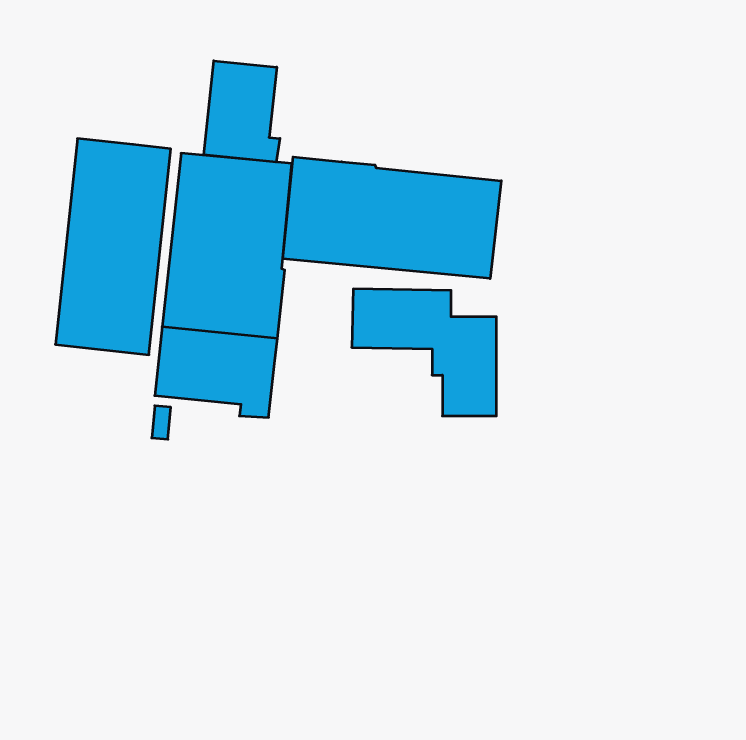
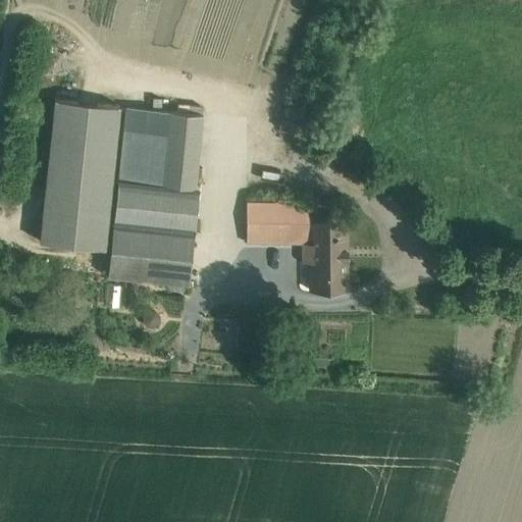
building: [204,61,280,162] -> none
building: [283,157,501,279] -> none

